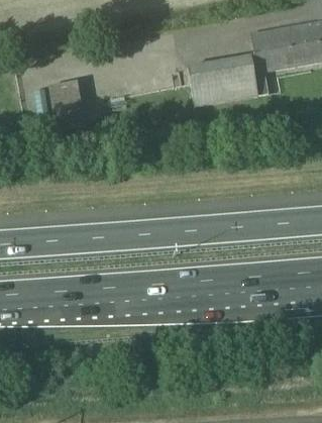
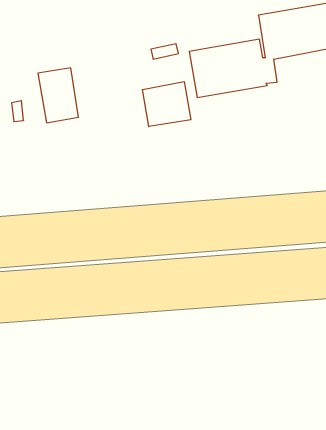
building: none -> [142,82,191,127]

